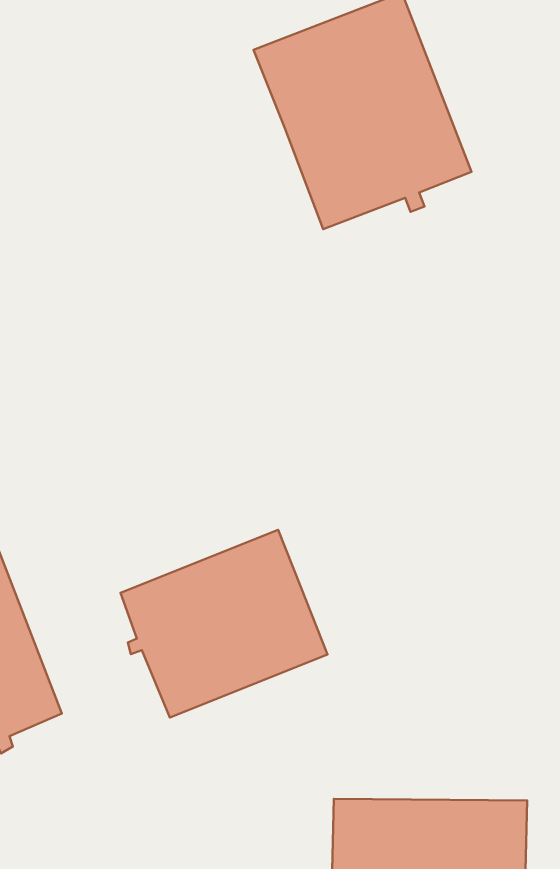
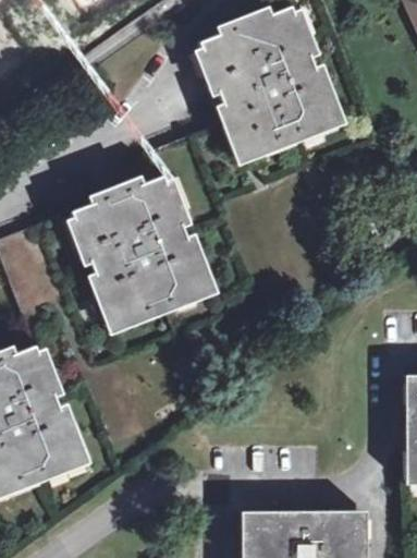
building: none -> [69,177,205,325]
building: [121,530,327,718] -> none

